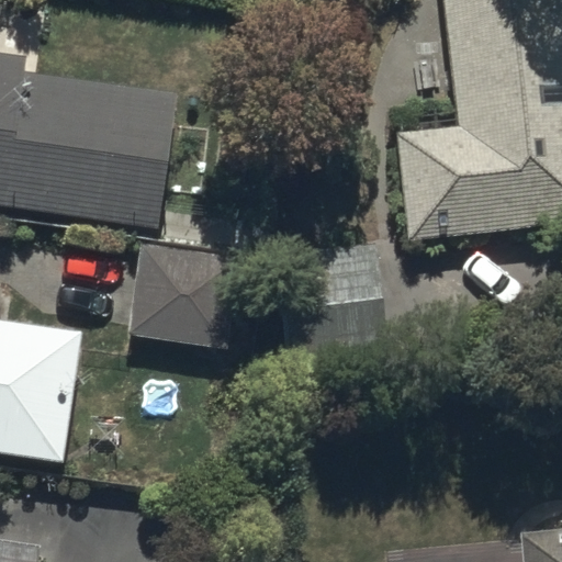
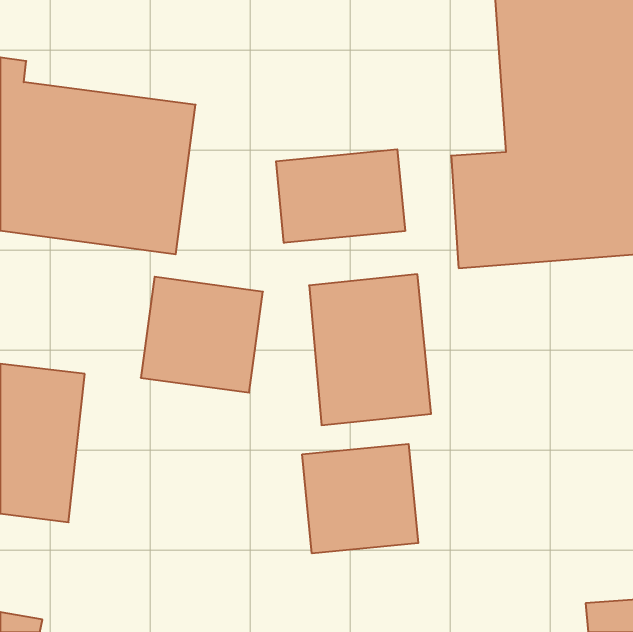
building: none -> [276,149,405,243]
building: none -> [302,444,418,553]

